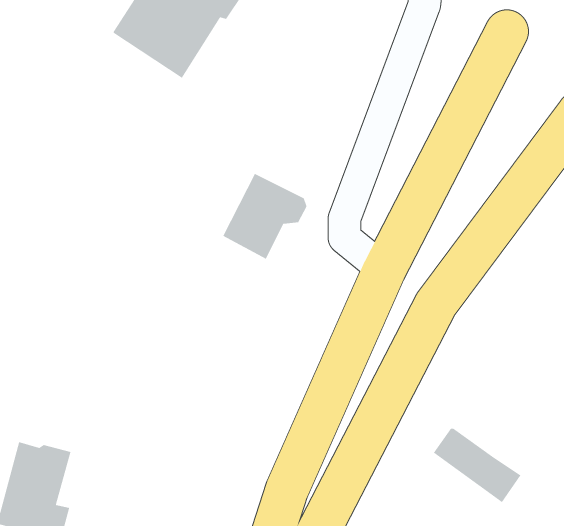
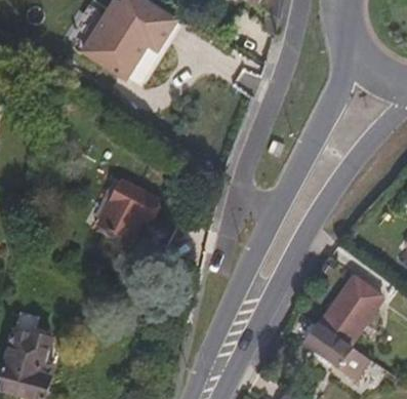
building: [222,173,308,260] -> [98,182,158,242]
building: none -> [318,276,378,343]

